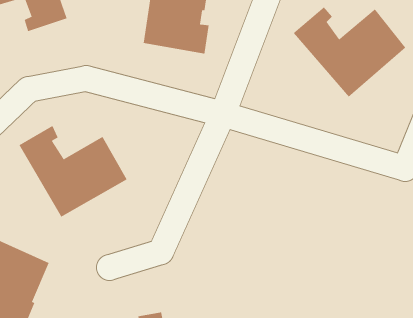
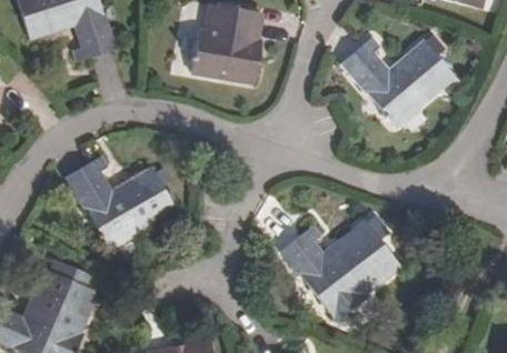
building: none -> [281,220,401,321]

